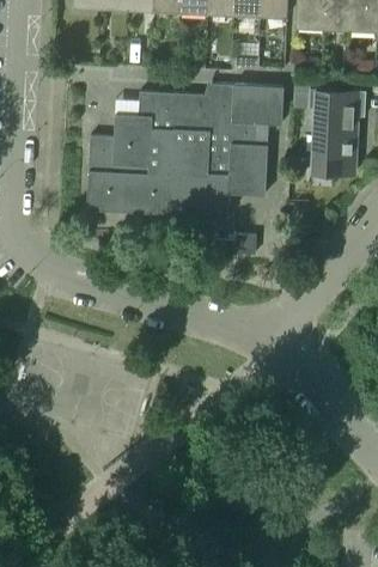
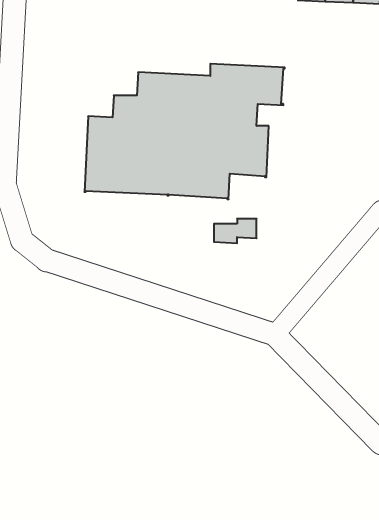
building: [309,91,365,177] -> none

